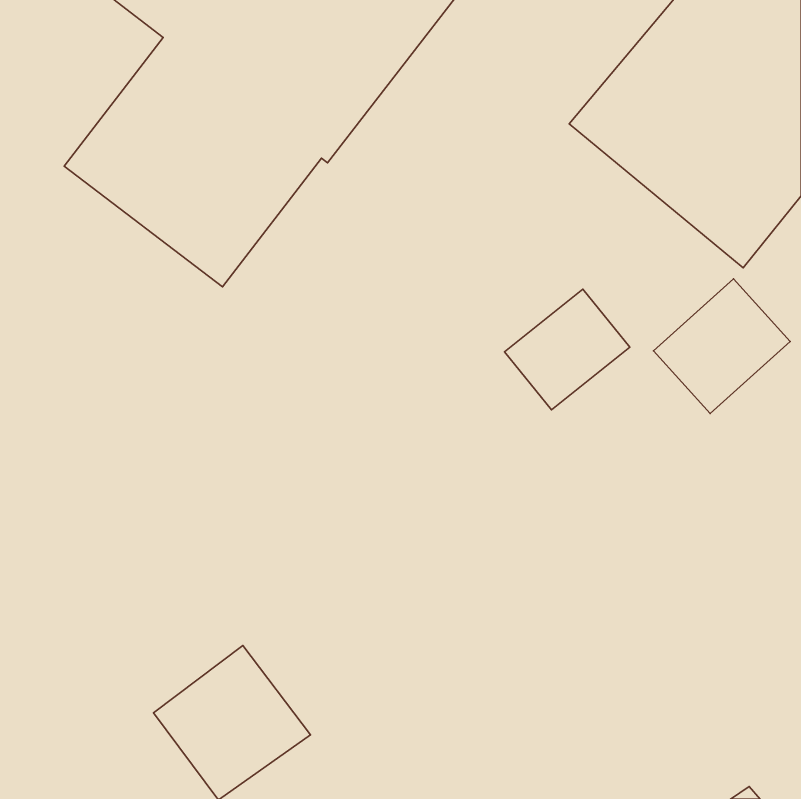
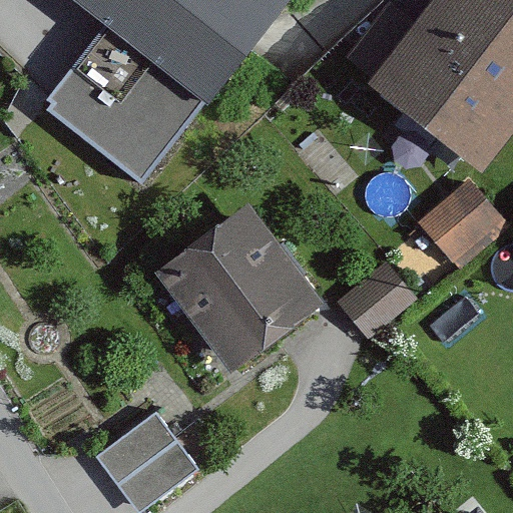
building: [504,289,630,410] -> [339,264,419,341]
building: none -> [154,202,324,372]

